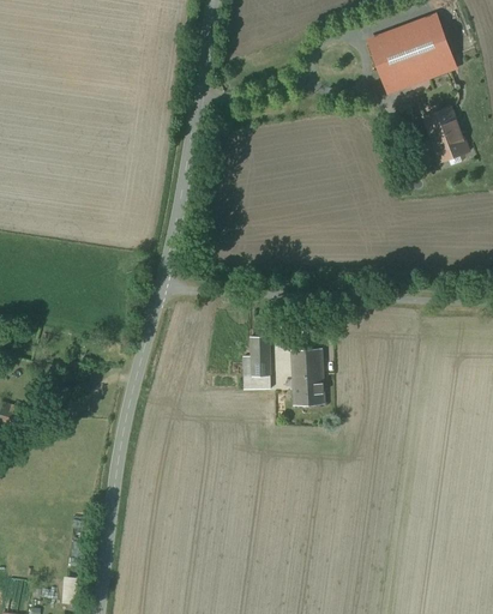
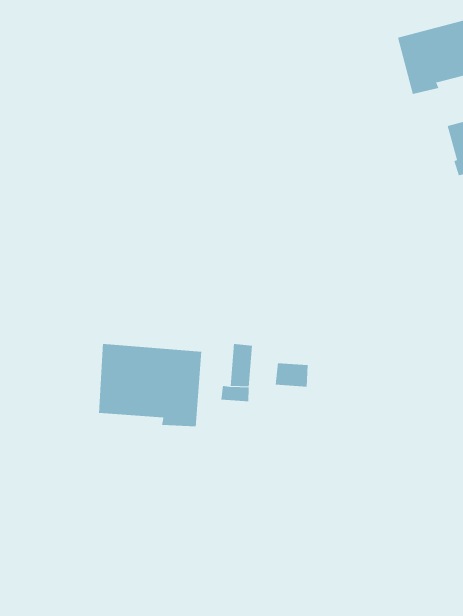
building: none -> [98,343,202,427]
building: [291,369,324,405] -> none

